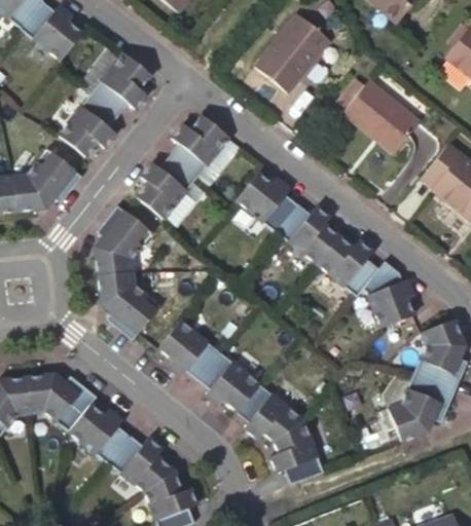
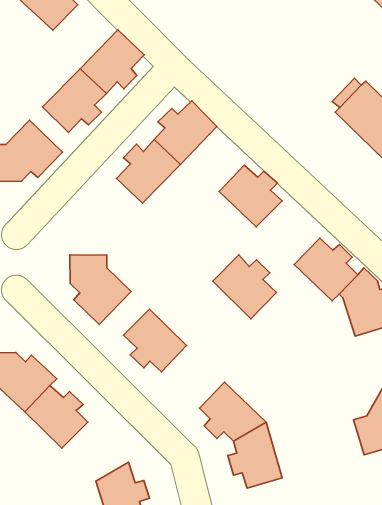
building: [254,13,330,93] -> none
building: [276,203,338,264] -> [213,255,277,319]
building: [95,206,152,275] -> none
building: [197,352,259,412] -> none
building: [108,436,174,492] -> none

